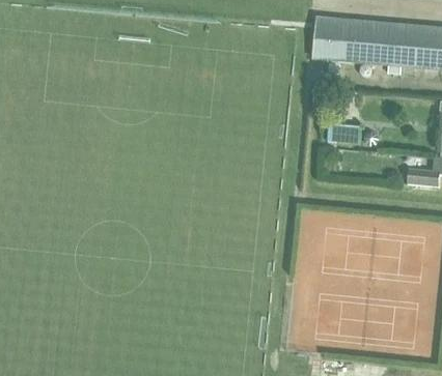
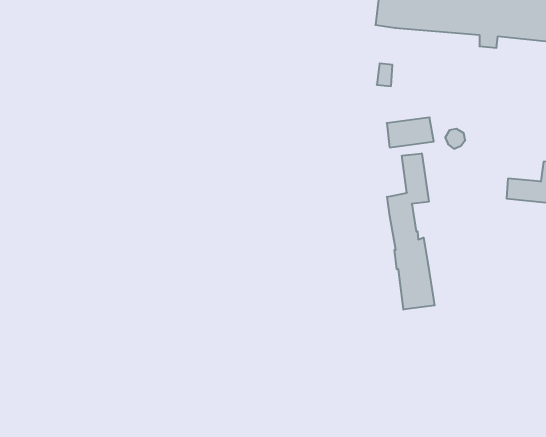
building: none -> [387,153,435,310]

